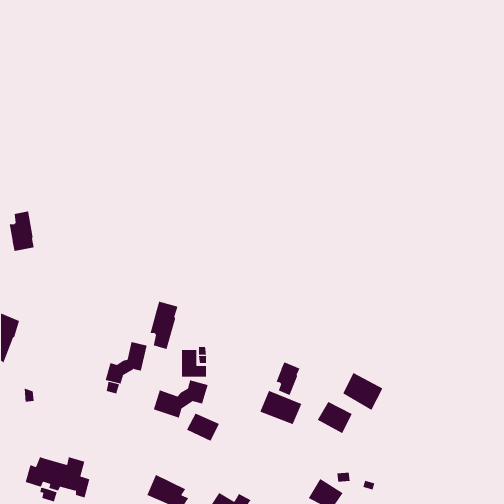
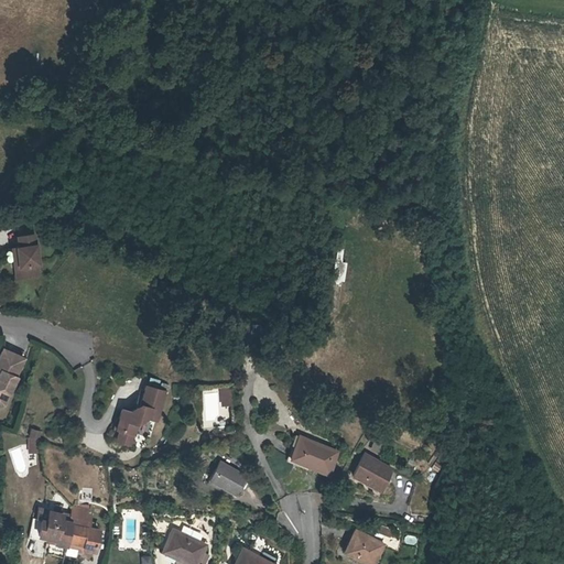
building: [150,301,178,350] -> none
building: [276,362,300,396] -> none
building: [342,372,383,411] -> none
building: [153,379,208,419] -> none

